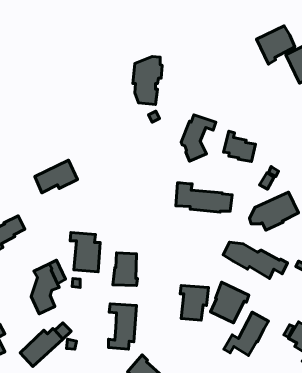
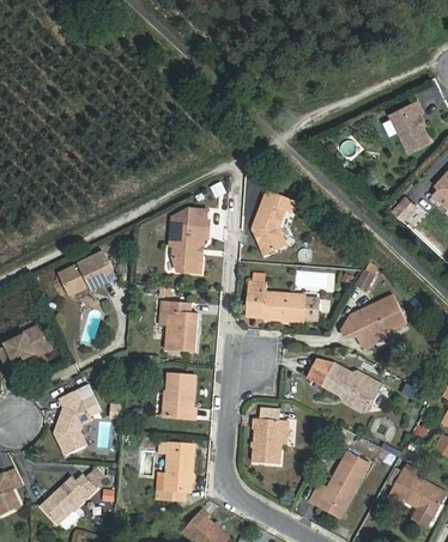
building: [256,26,295,64] -> none
building: [133,56,162,105] -> [169,209,207,273]
building: [223,131,255,162] -> none
building: [70,233,100,272] -> [158,300,198,352]
building: [210,282,249,323] -> none

